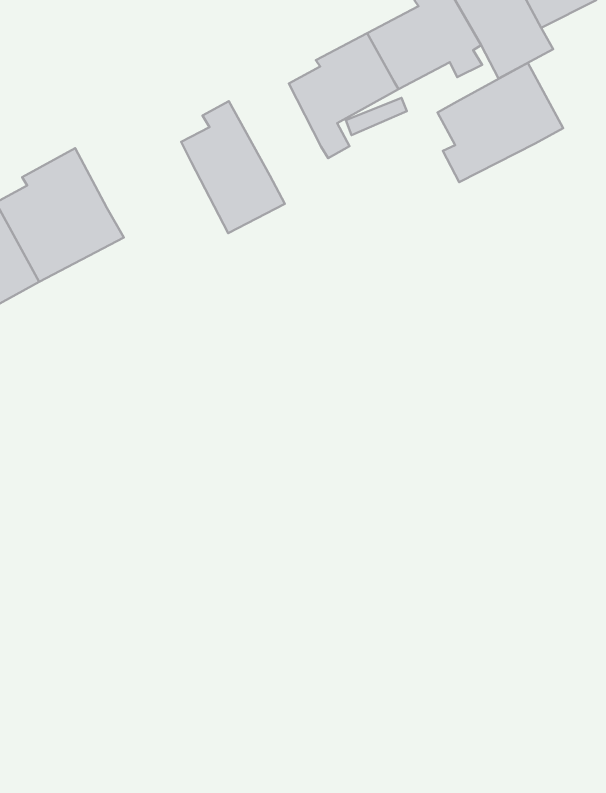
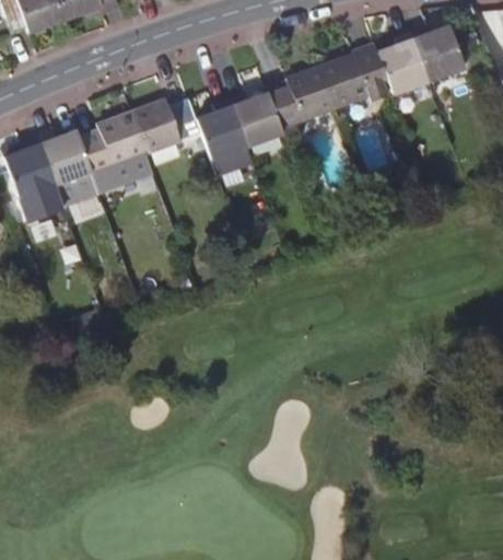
building: [438,63,563,182] -> none
building: none -> [232,91,284,145]
building: none -> [133,97,203,151]

